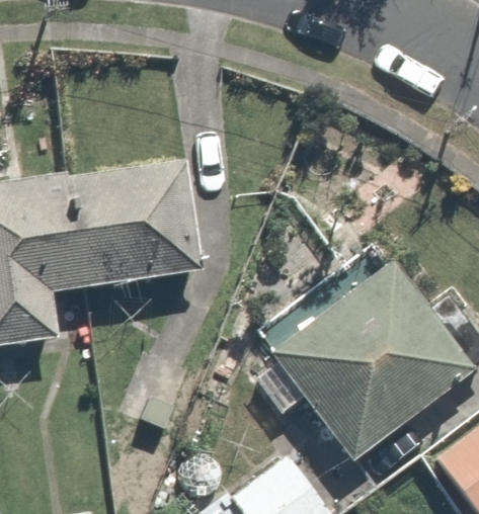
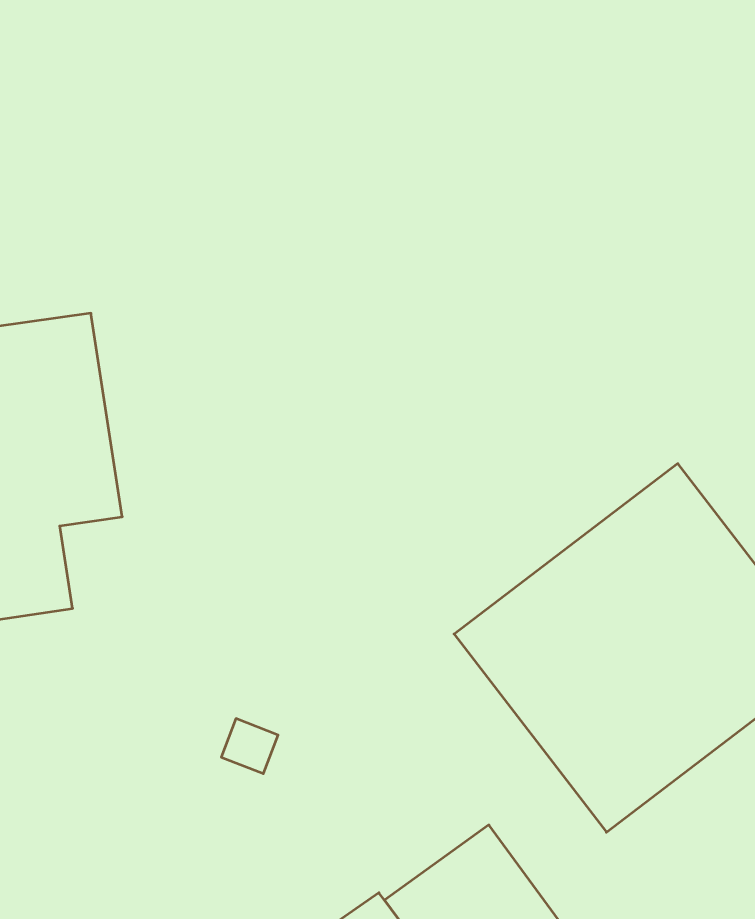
building: [68,157,202,287] -> none

